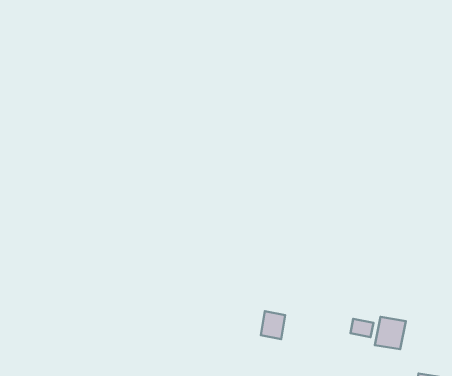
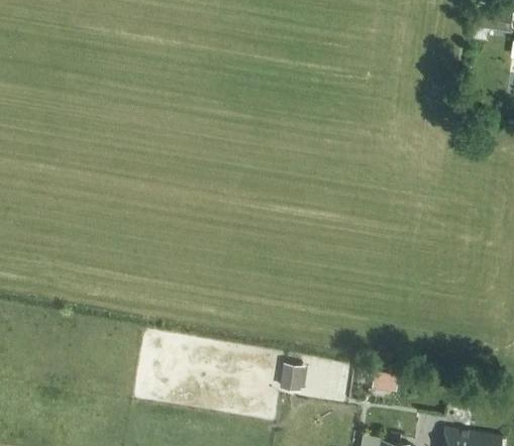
building: [375,317,406,349] -> none

